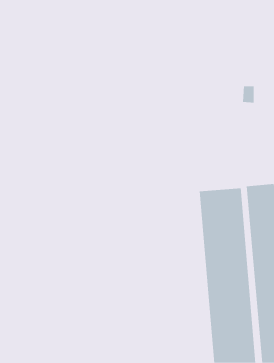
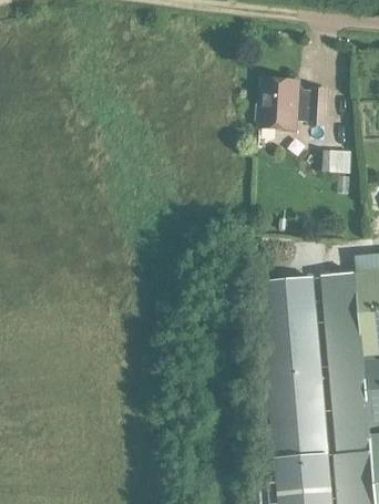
building: none -> [259,79,330,130]

